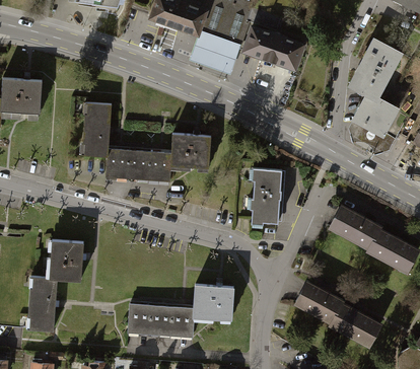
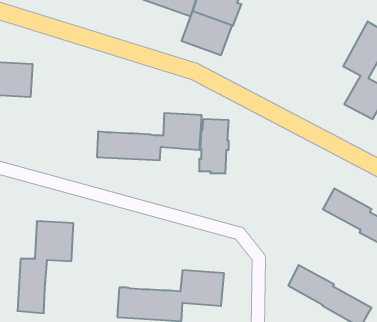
building: [242,22,306,69] -> none
building: [82,101,111,154] -> none
building: [253,168,282,222] -> [199,119,229,173]

